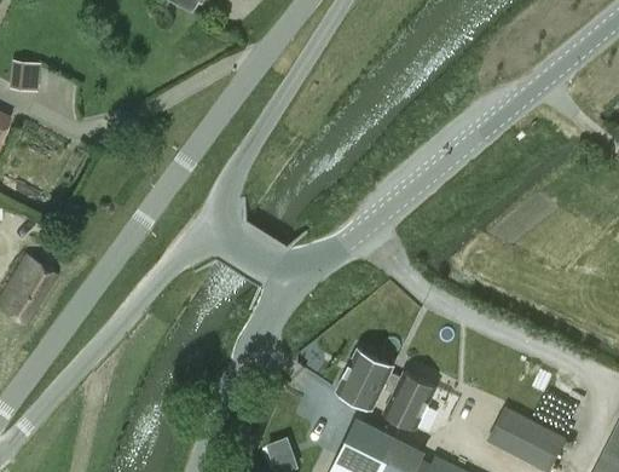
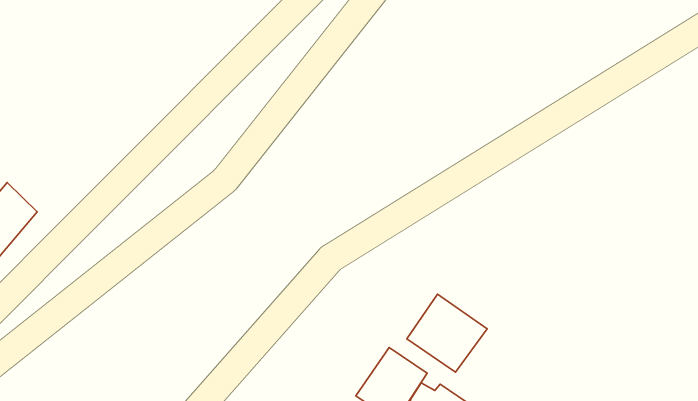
building: none -> [407,294,487,372]

